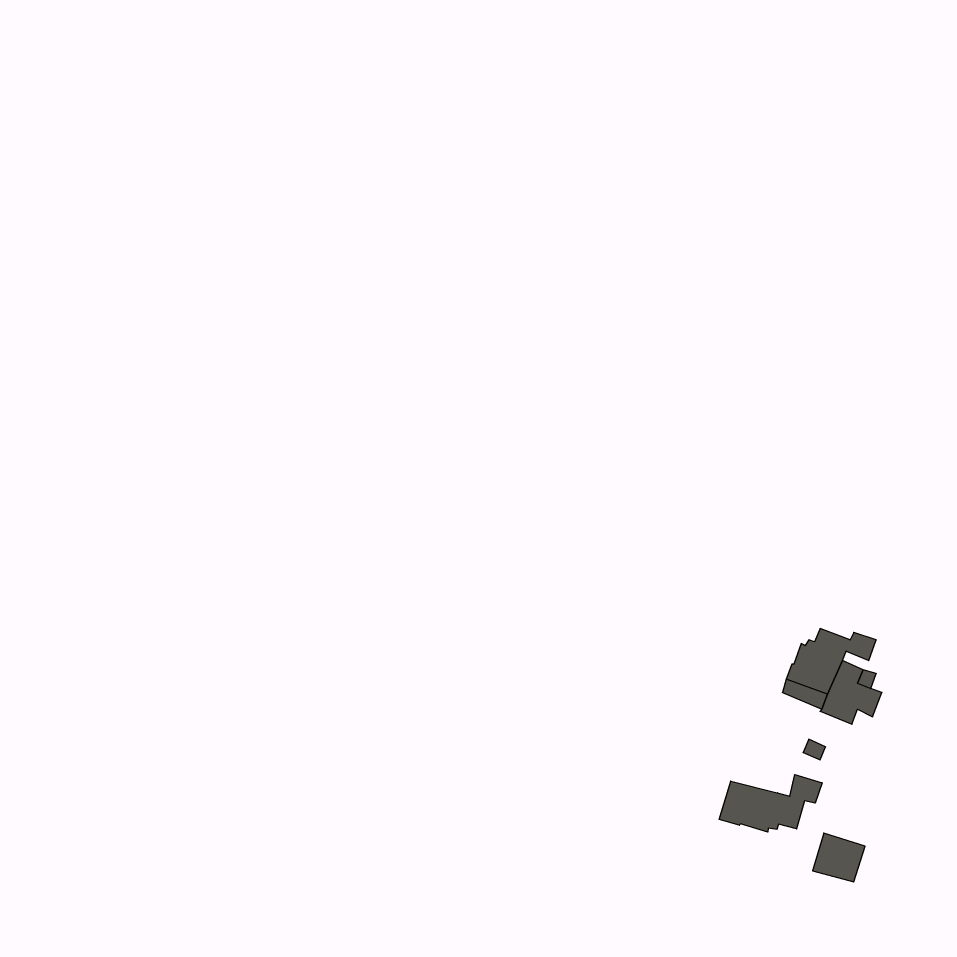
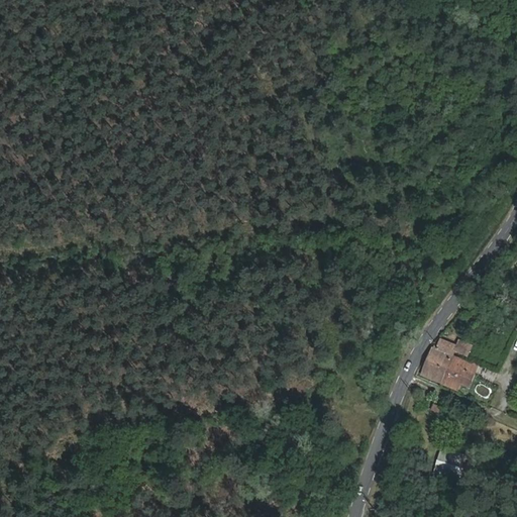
building: [719,775,822,832] -> none

